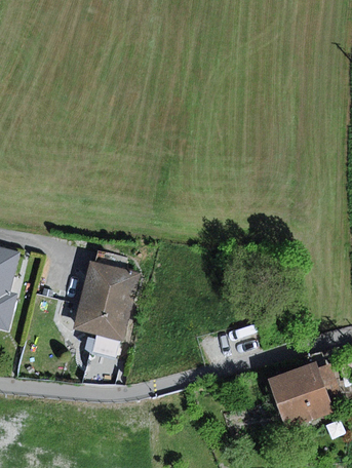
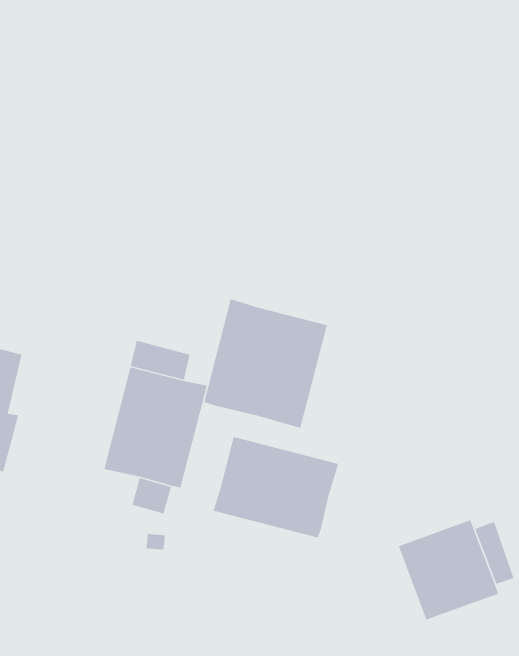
building: none -> [203,298,328,429]
building: none -> [212,436,339,539]

